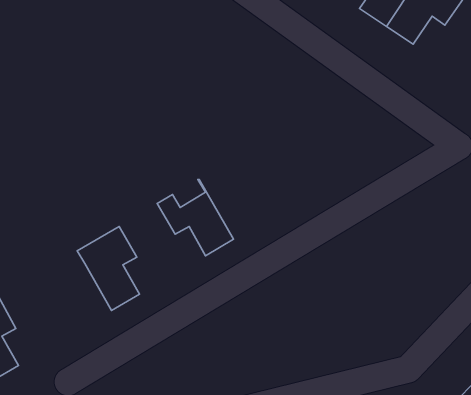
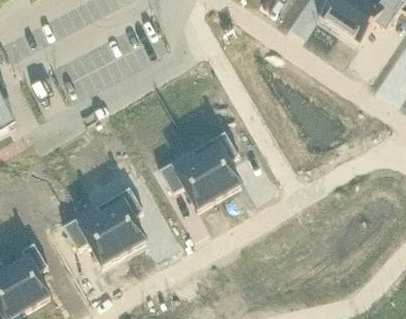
building: none -> [192,130,241,196]
building: none -> [63,215,123,264]

